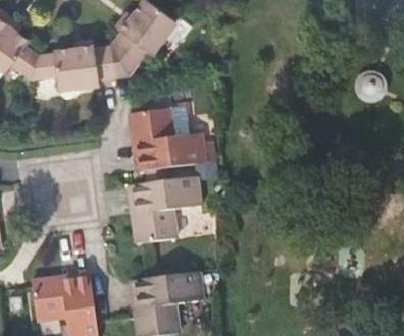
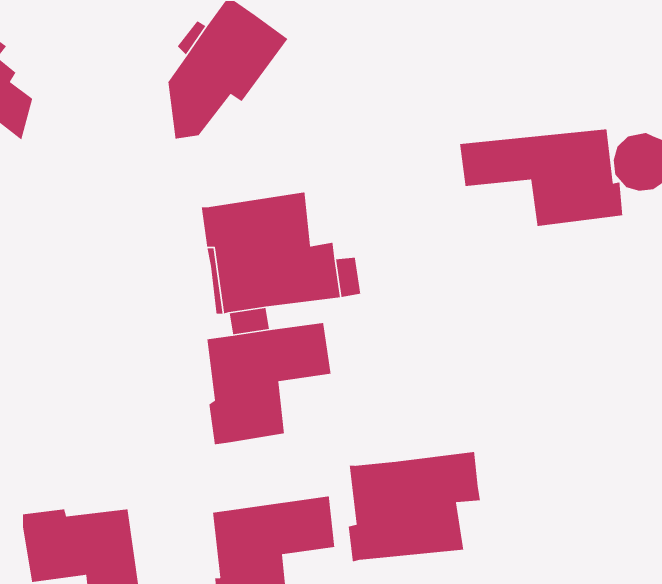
building: [32,44,115,92] -> none
building: none -> [459,129,623,227]
building: none -> [348,451,481,562]

